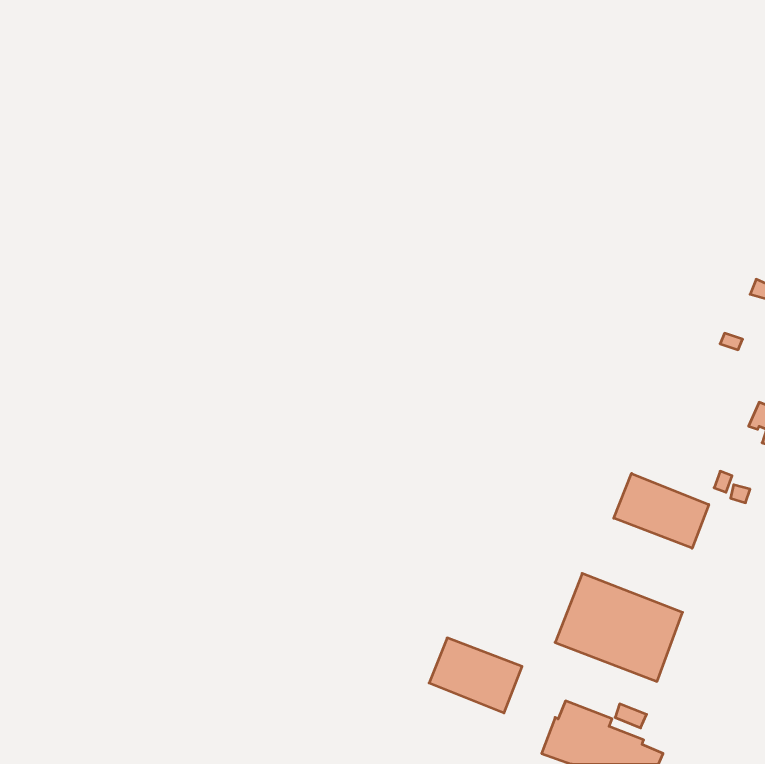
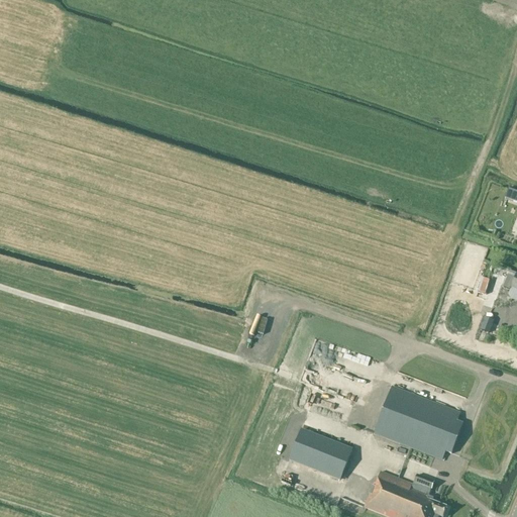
building: [614,473,709,548] -> none

